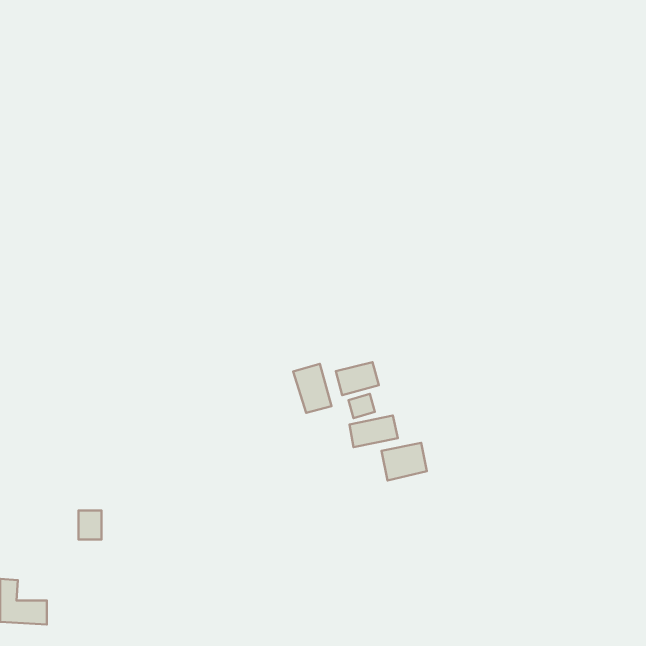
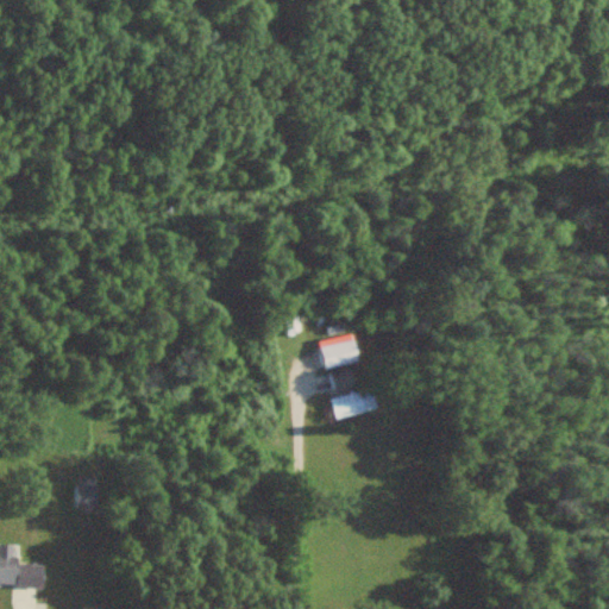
building: [293,364,331,413] -> none
building: [381,443,427,481] -> none

